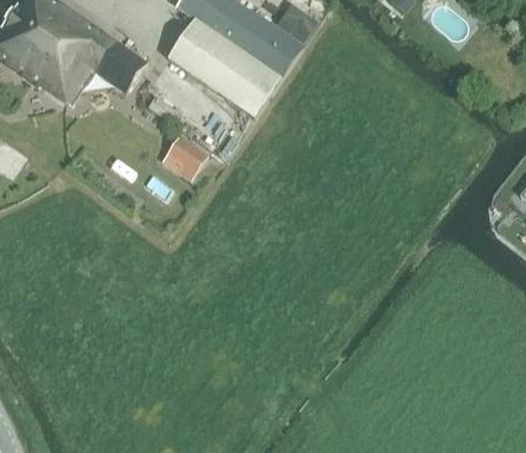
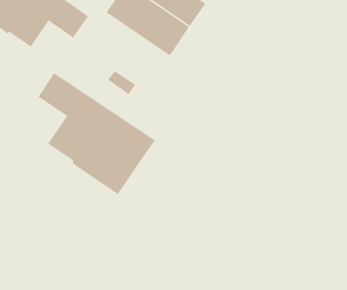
building: none -> [38,72,156,195]

